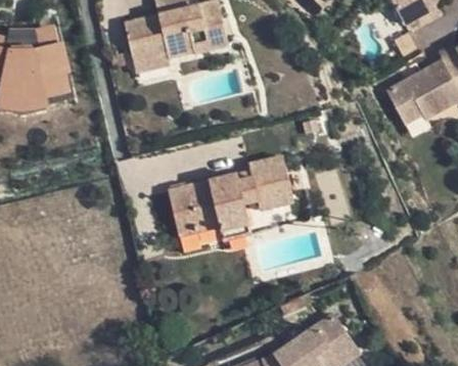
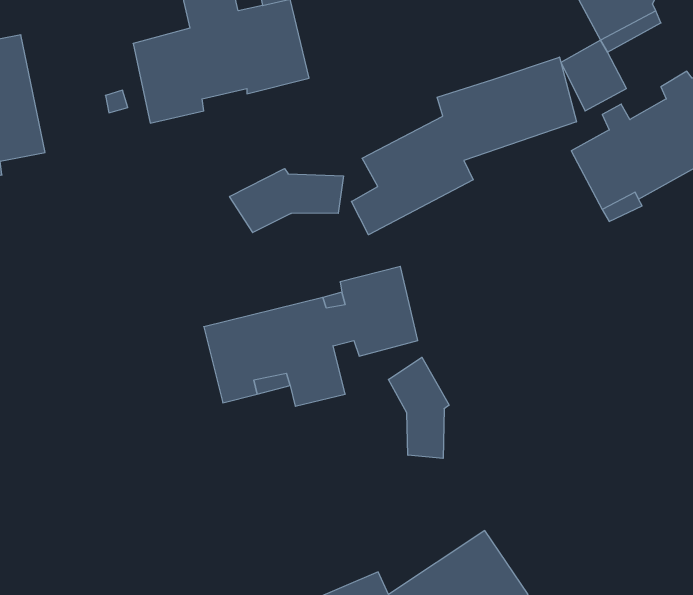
building: none -> [351,57,576,235]
building: none -> [230,169,343,233]
building: none -> [388,357,449,458]

